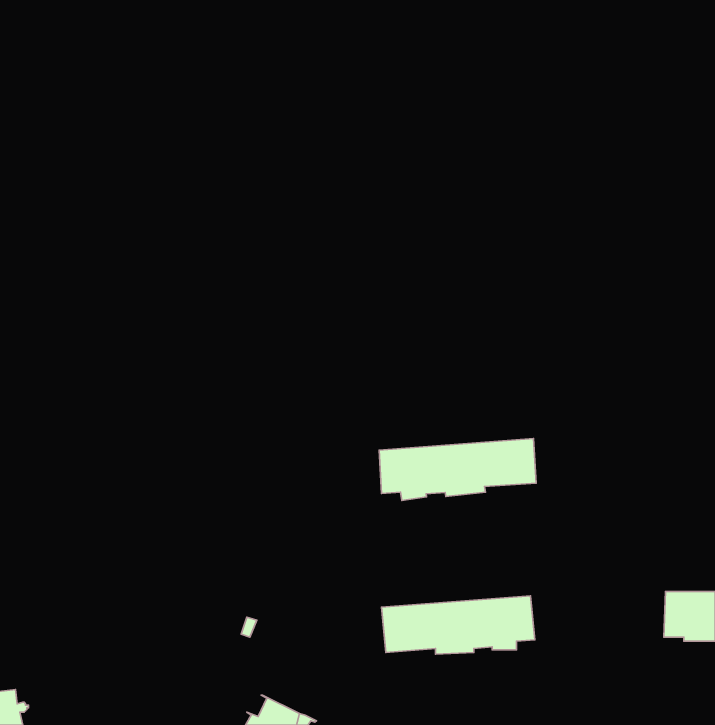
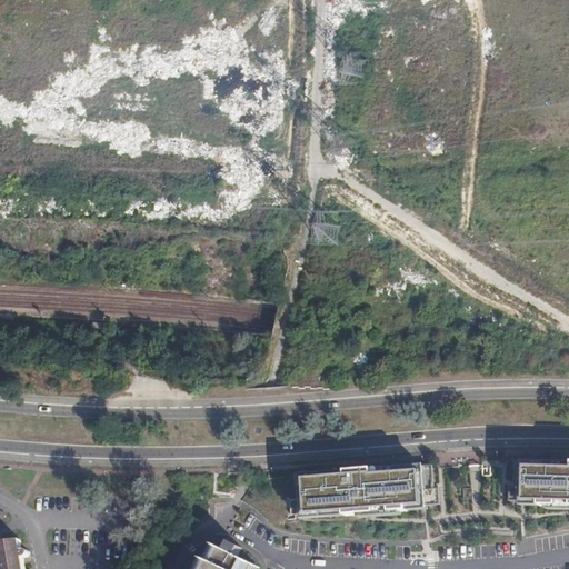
building: [379,439,536,500] -> none

